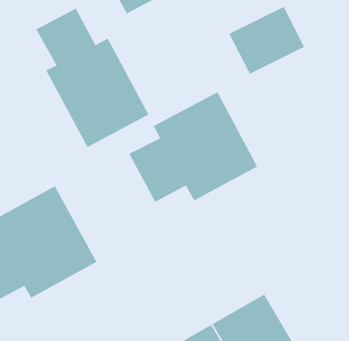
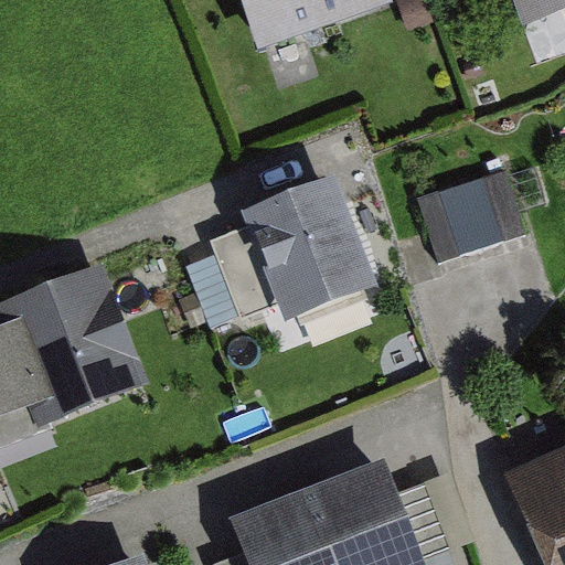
building: [228,6,305,75] -> [415,174,516,260]
building: [35,8,149,148] -> none

